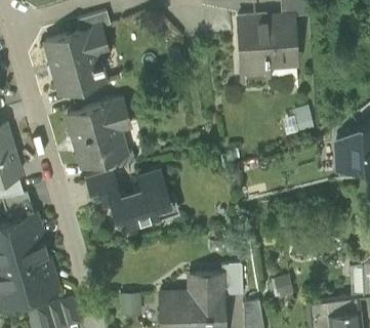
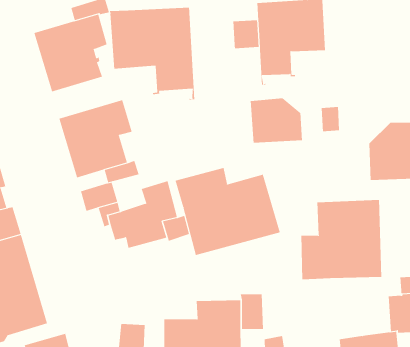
building: none -> [110,7,195,100]
building: none -> [233,19,259,49]
building: none -> [250,98,303,144]
building: none -> [175,167,280,256]
building: none -> [301,199,382,280]

